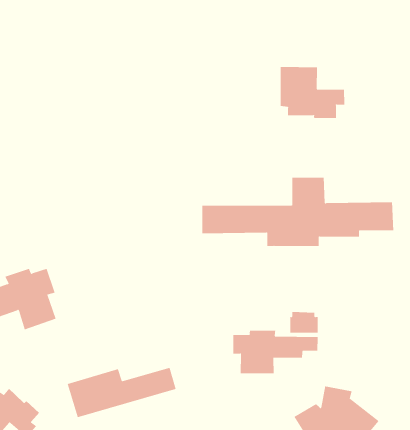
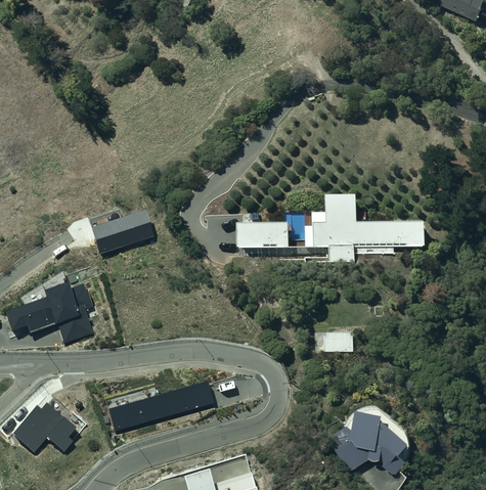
building: [280,66,345,119] -> none
building: none -> [88,211,152,254]
building: [233,330,318,374] -> none

